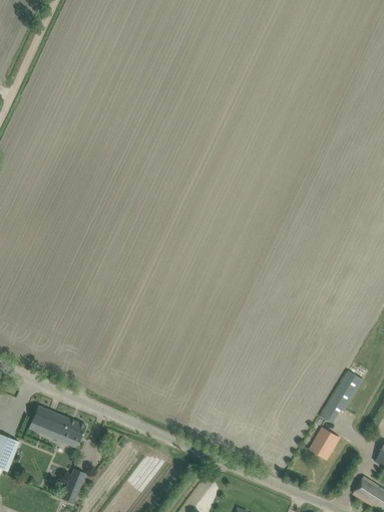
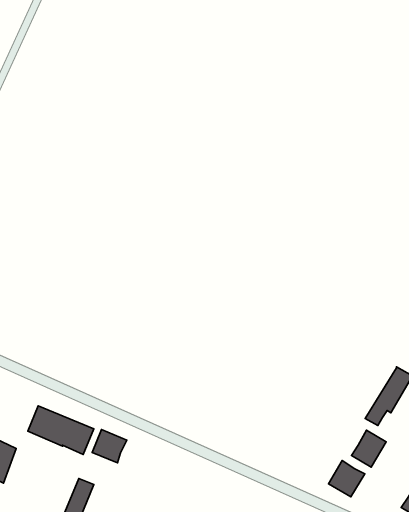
building: none -> [92,430,127,463]
building: none -> [328,460,365,497]

